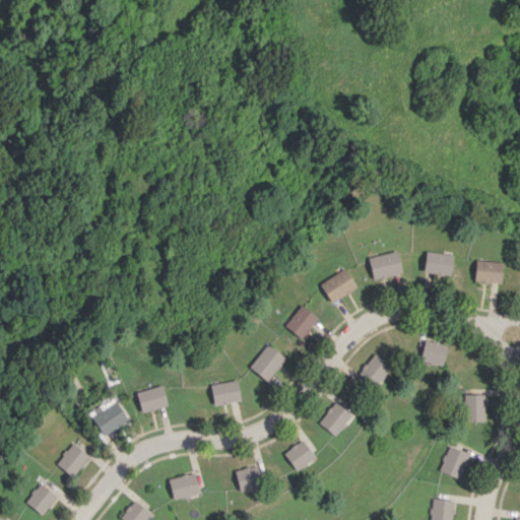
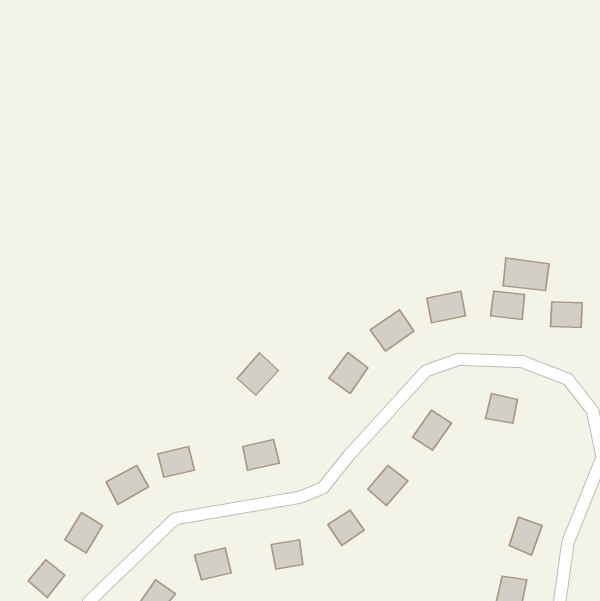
building: none -> [503,258,549,291]
building: [251,344,286,381] -> [237,353,278,395]
building: [465,395,486,421] -> none

